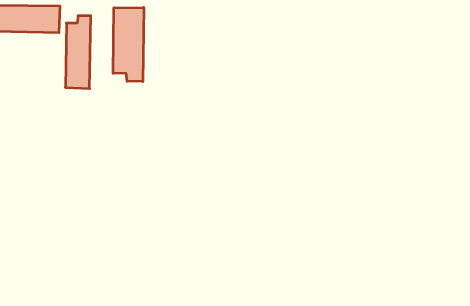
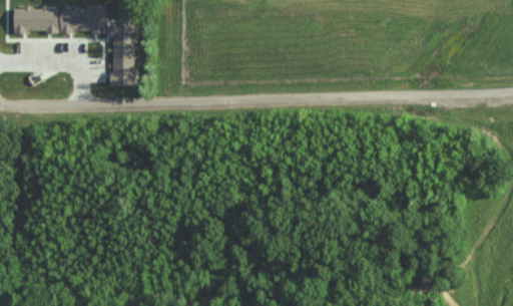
building: [113,7,144,82] -> none

